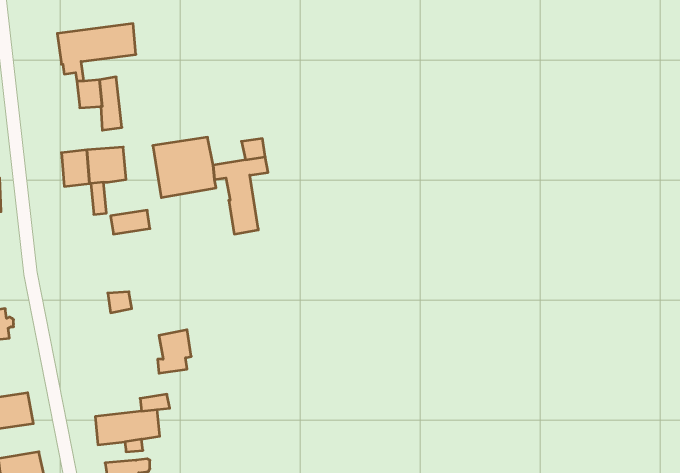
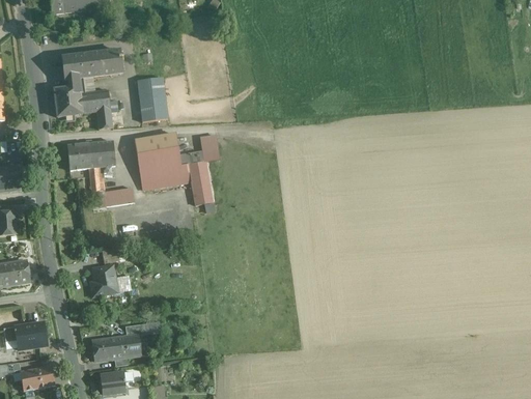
building: none -> [137,77,167,121]
building: none -> [53,86,81,117]
building: none -> [141,164,192,189]
building: [158,330,191,373] -> [91,264,116,296]

